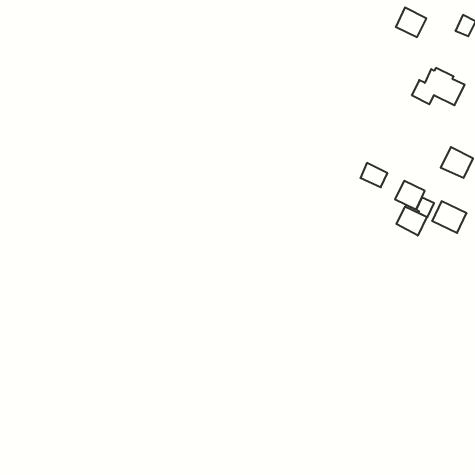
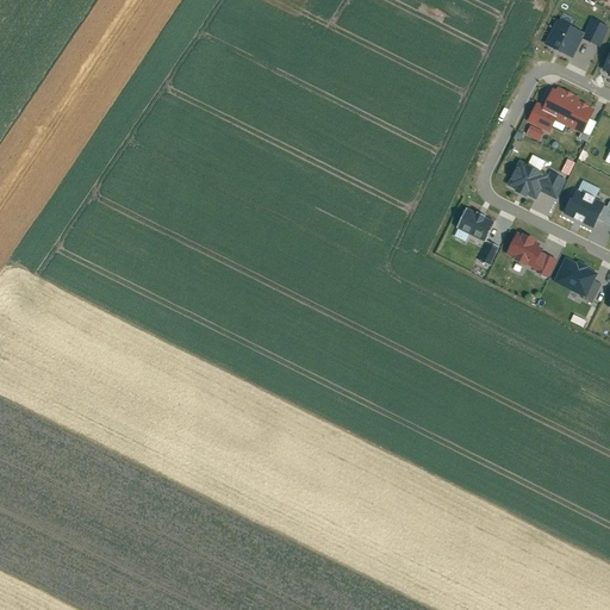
building: [396,7,426,37] -> [546,19,585,57]
building: none -> [508,161,566,200]
building: [396,206,427,236] -> none

